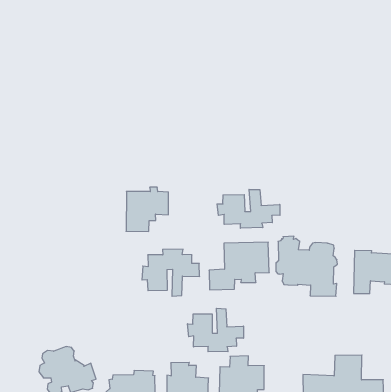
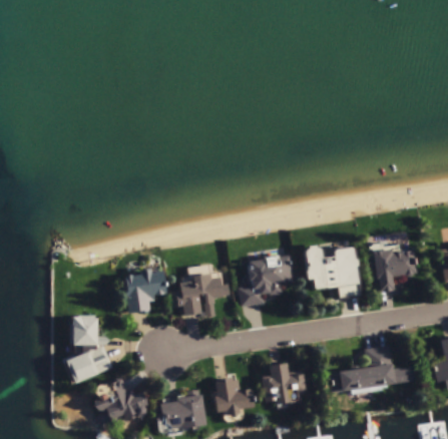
building: [126,187,168,231] -> [124,268,166,313]
building: [217,189,280,228] -> none
building: none -> [61,316,113,383]
building: [188,308,243,352] -> none

